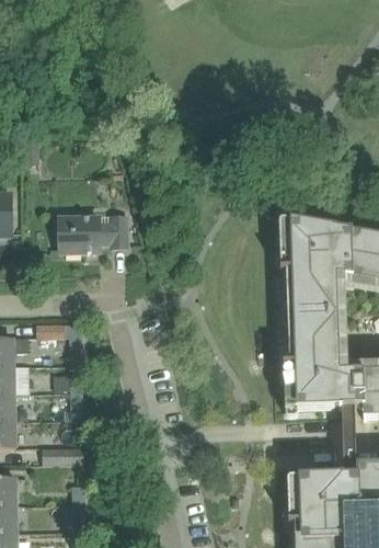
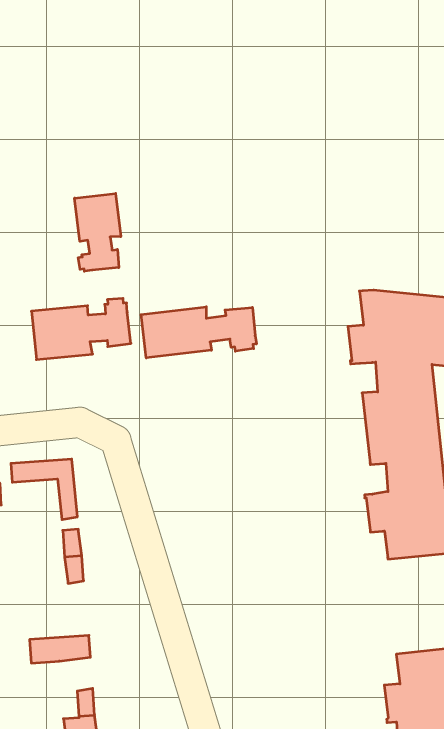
building: none -> [75,193,121,271]
building: none -> [141,307,256,358]

